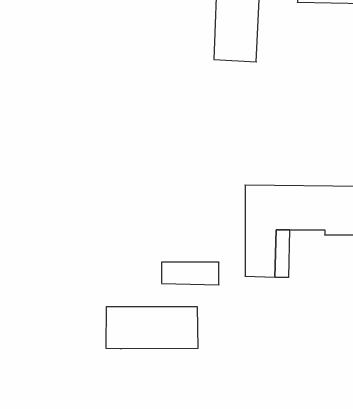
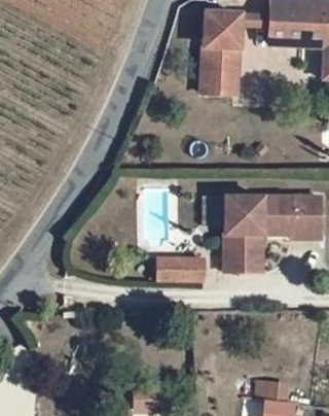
building: [106,307,198,349] -> none

